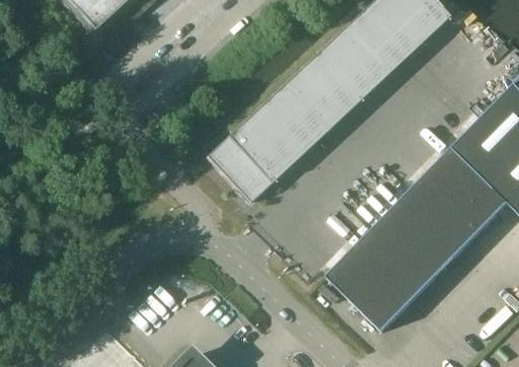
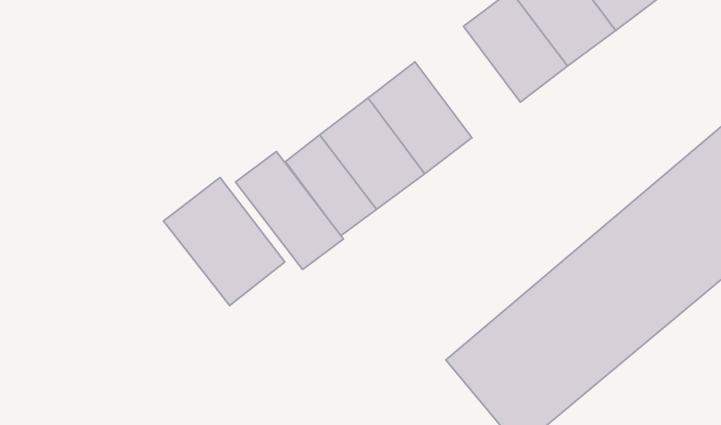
building: [287,51,361,126] -> none
building: none -> [236,152,343,269]
building: none -> [163,178,285,306]

